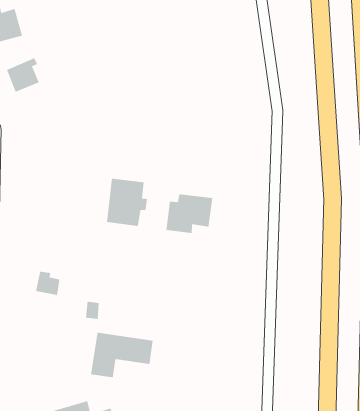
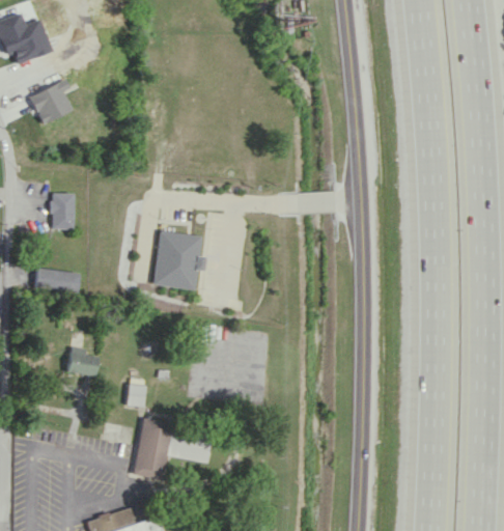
building: none -> [49,193,73,229]
building: [166,193,213,234] -> none
building: none -> [34,269,78,291]

